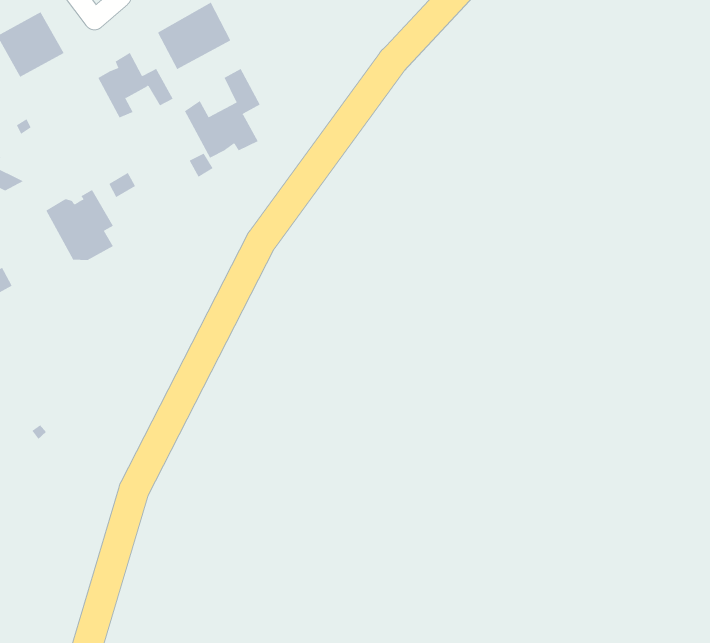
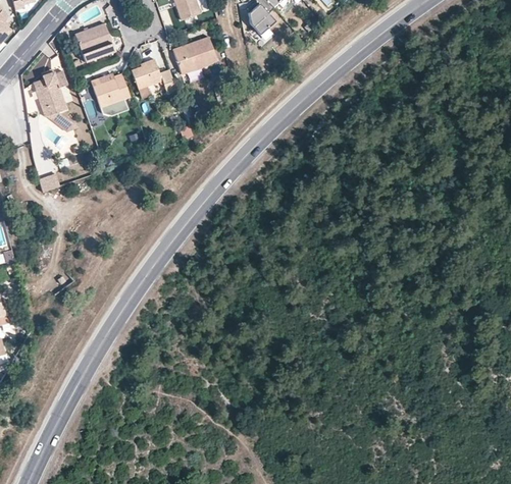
building: [184,68,261,158] -> none
building: [46,189,114,261] -> [91,72,131,115]

